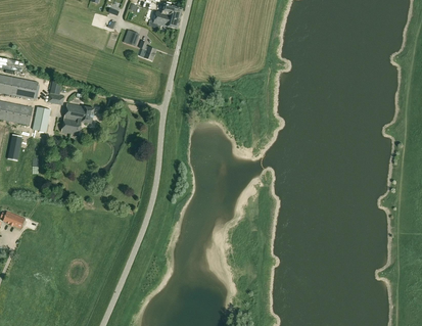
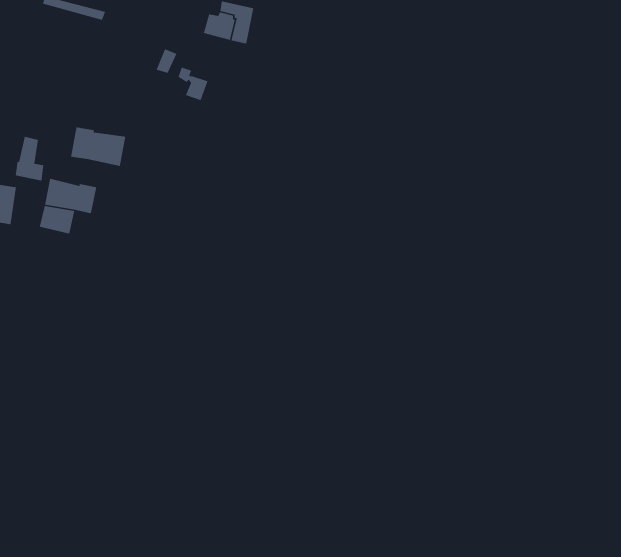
building: none -> [70,126,126,167]

